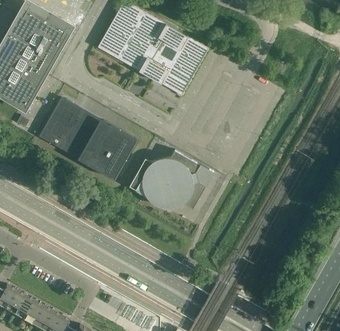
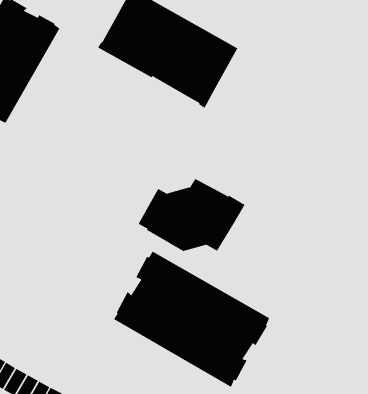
building: [42,100,135,180] -> none
building: none -> [113,251,270,388]

